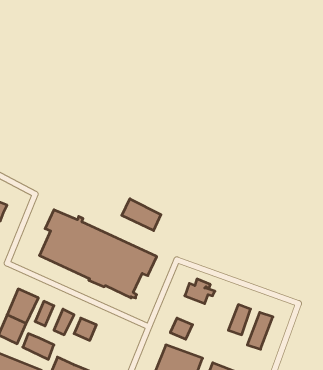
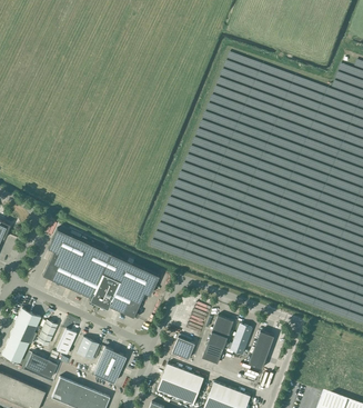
building: [122,199,161,231] -> none
building: none -> [202,315,233,364]
building: none -> [93,347,124,381]

